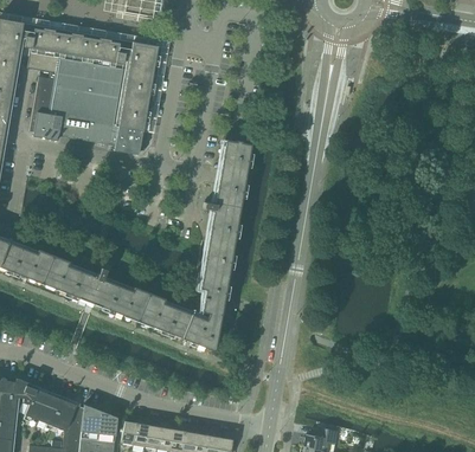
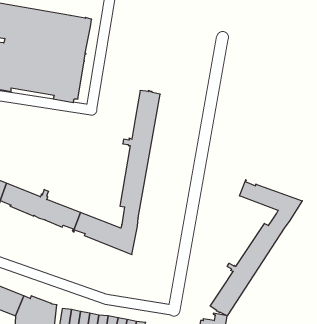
building: none -> [210,180,302,316]

